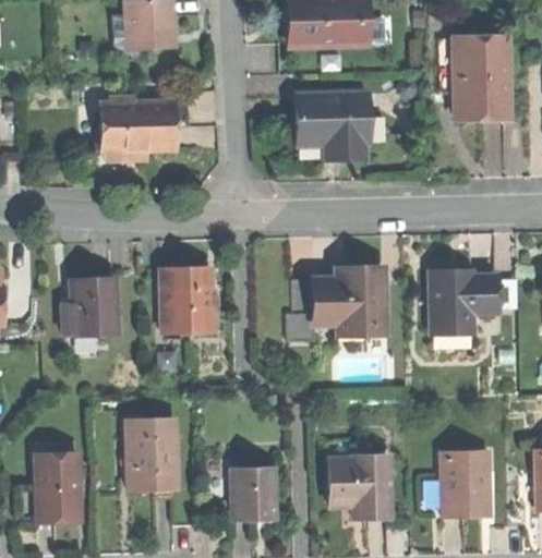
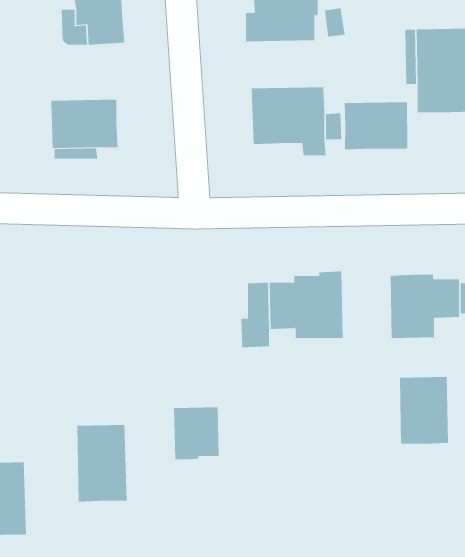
building: none -> [344,101,408,150]
building: [160,267,213,333] -> none
building: [62,277,118,337] -> none
building: [442,451,490,517] -> [399,376,449,444]
building: [329,456,390,518] -> none
building: [231,469,276,520] -> [173,407,220,460]

